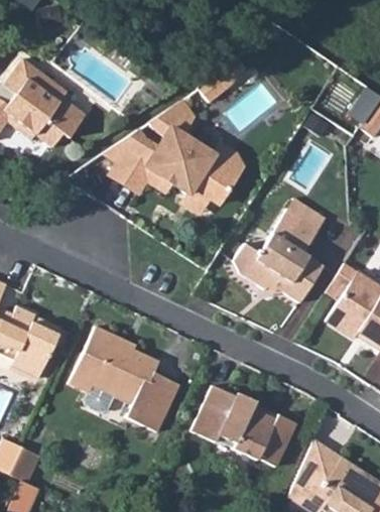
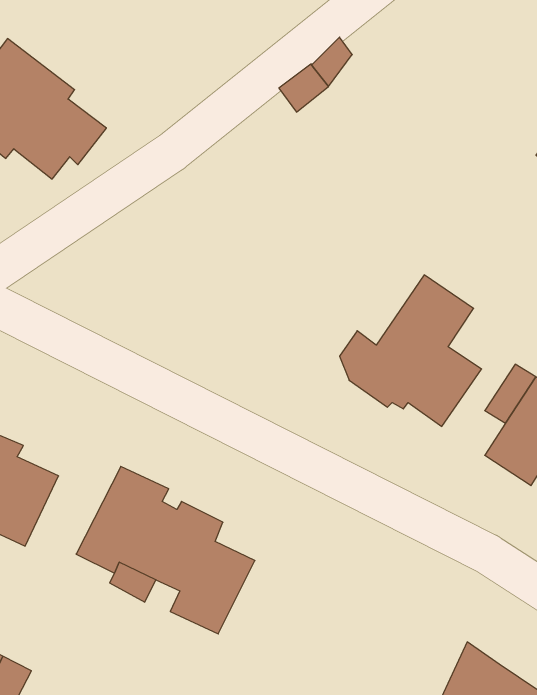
building: [108,100,242,208] -> none
building: [189,388,295,467] -> none

